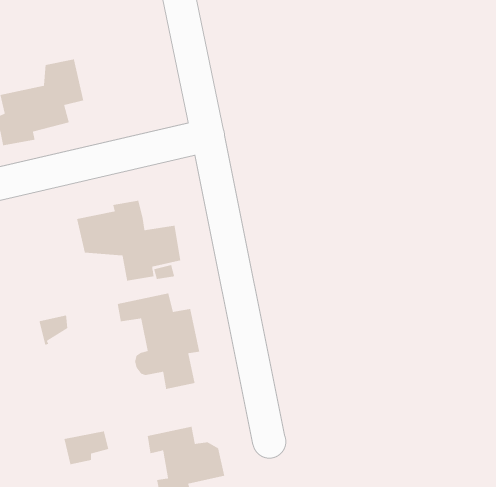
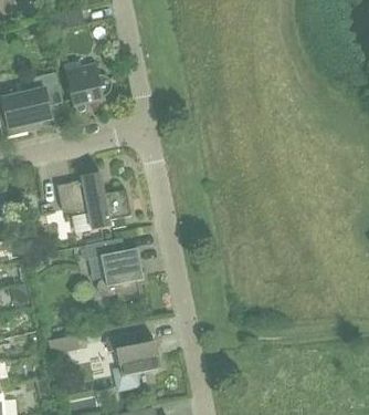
building: none -> [63,61,110,111]

